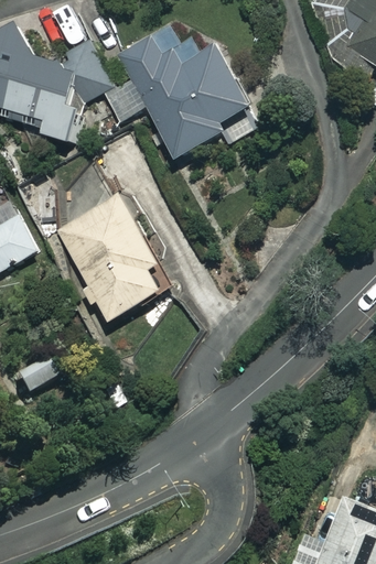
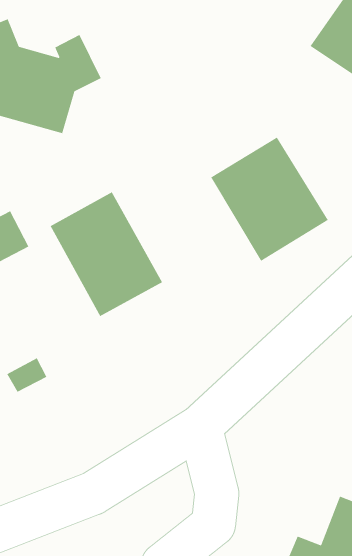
building: [103,32,253,156] -> none
building: none -> [210,136,329,262]

